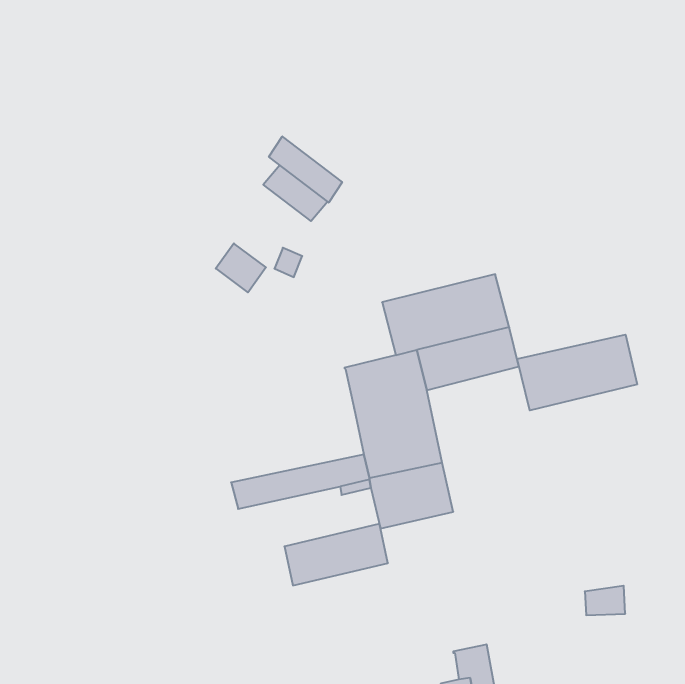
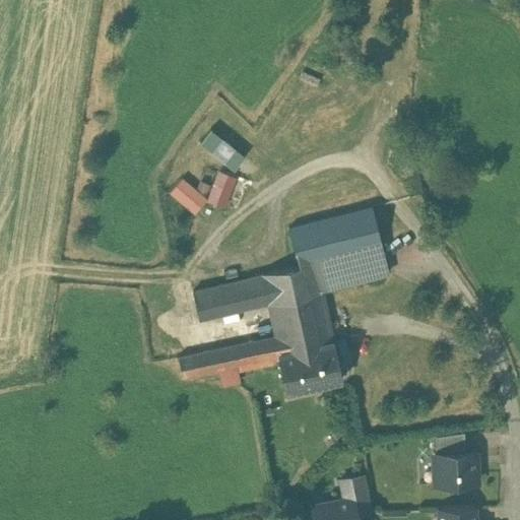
building: [269,136,342,203] -> none
building: [517,335,637,410] -> none
building: [284,524,388,585] -> [193,277,268,322]
building: none -> [435,455,476,486]

